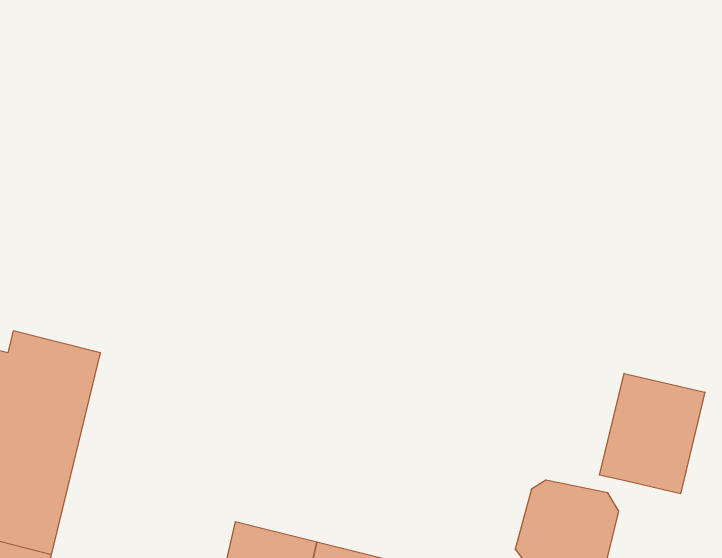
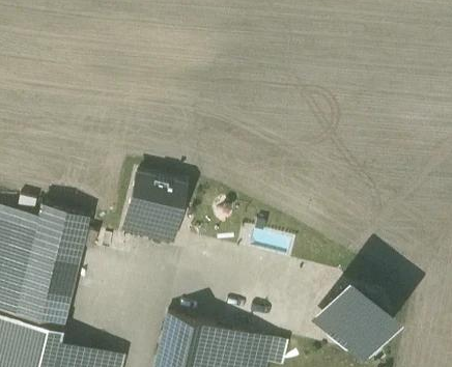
building: none -> [124,175,187,242]
building: [599,373,705,494] -> none

